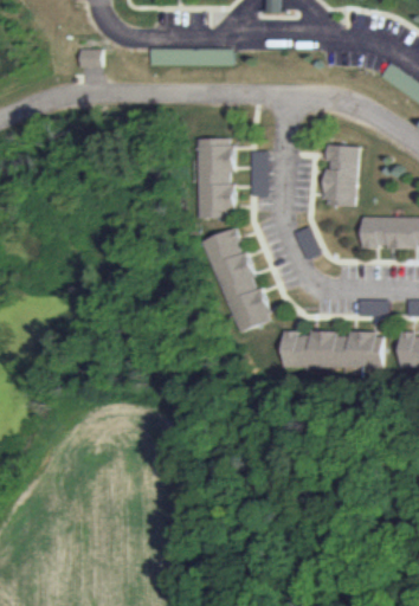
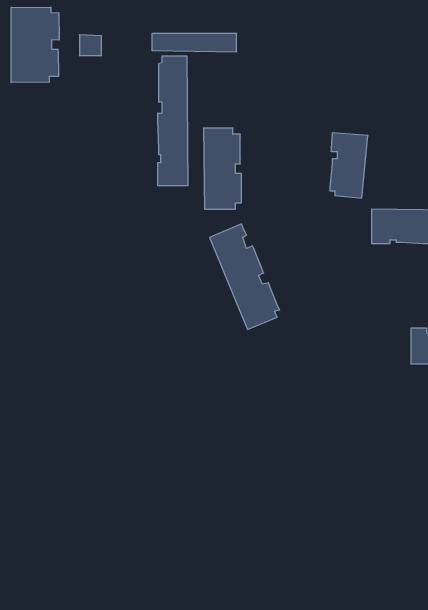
building: none -> [11,7,59,83]
building: none -> [158,56,188,186]
building: [281,330,381,369] -> none

